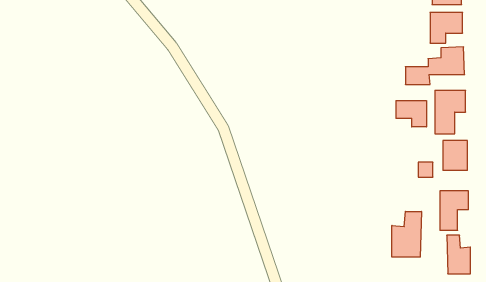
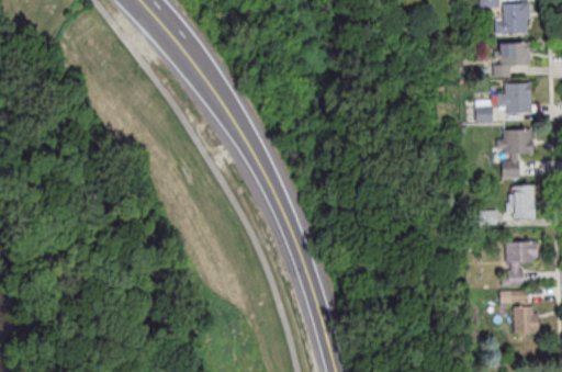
building: [396,101,426,127] -> none
building: [392,211,421,257] -> none

